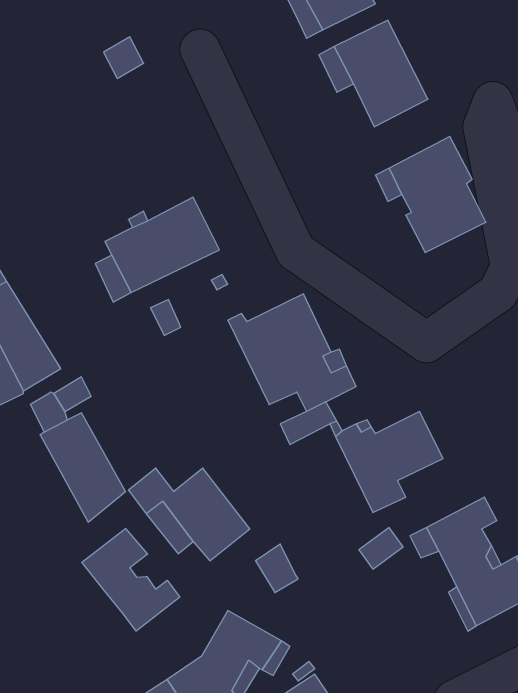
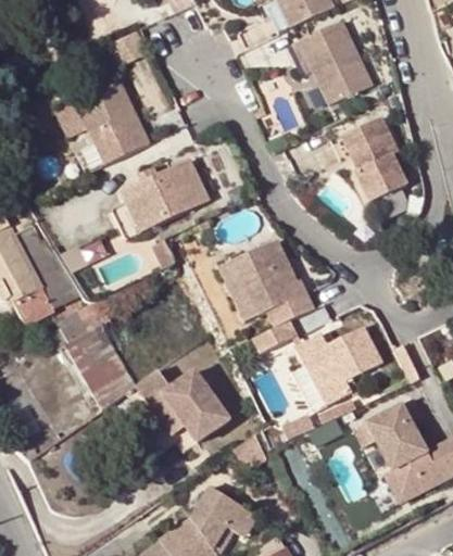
building: none -> [75,84,150,168]
building: [82,528,180,631] -> none

